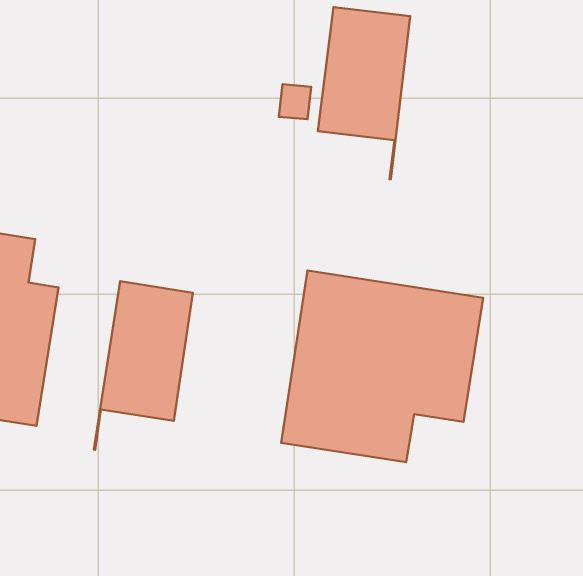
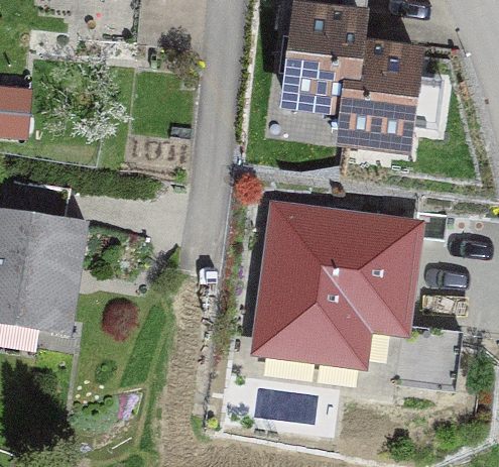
building: none -> [341,15,413,148]
building: [94,281,193,450] -> none

